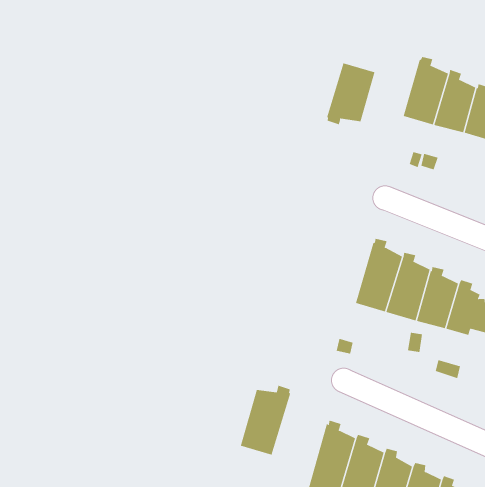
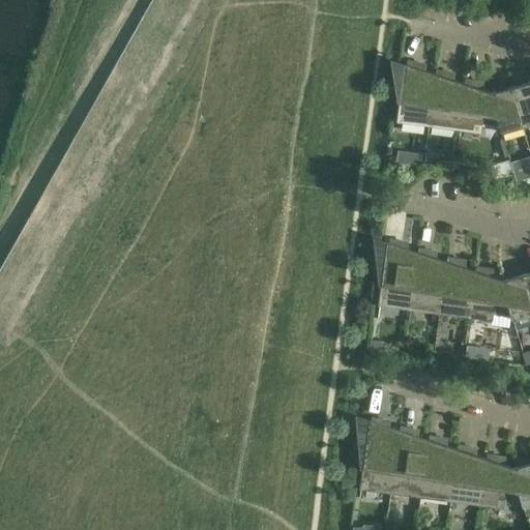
building: [326,63,375,125] -> none
building: [240,385,291,456] -> none

